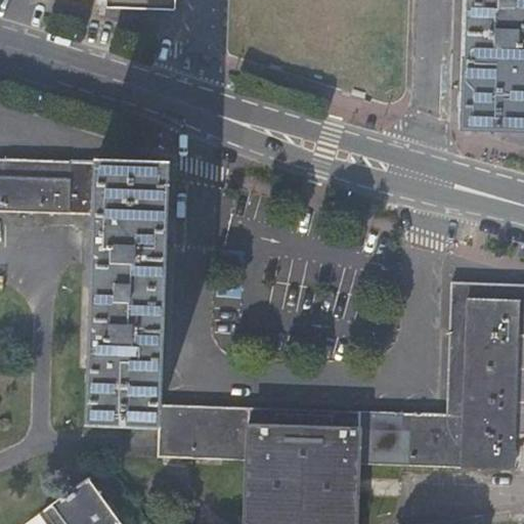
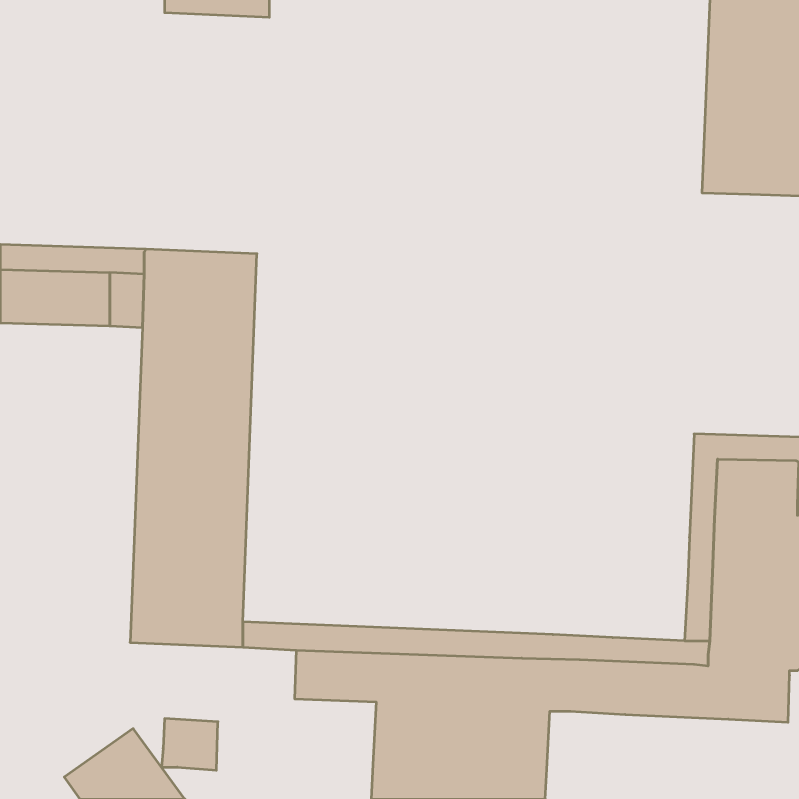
building: [158,423,194,456] -> [162,719,218,770]

